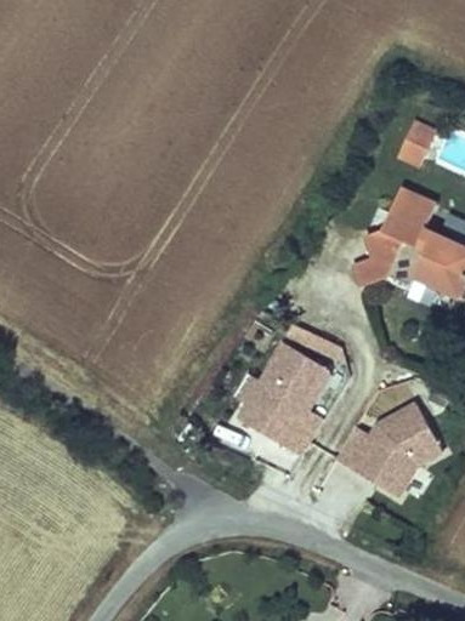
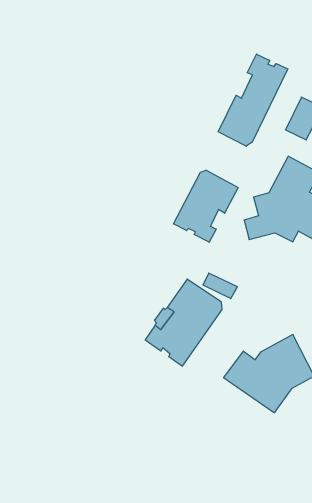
building: none -> [218,54,288,146]
building: none -> [173,170,238,242]

